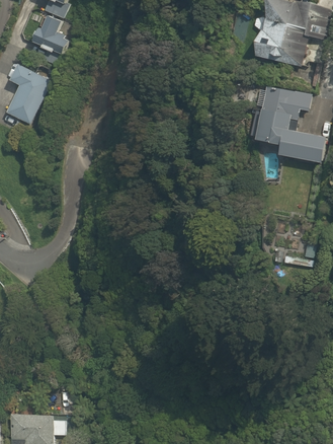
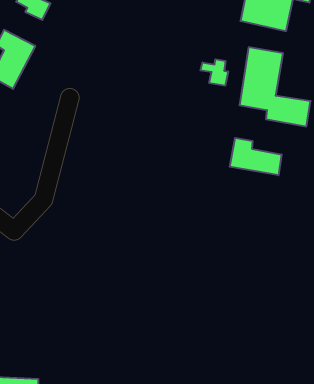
building: none -> [200,59,228,86]
building: none -> [230,138,282,175]

